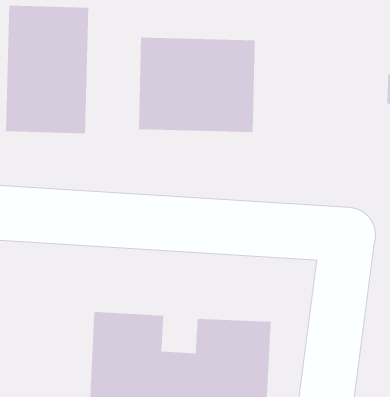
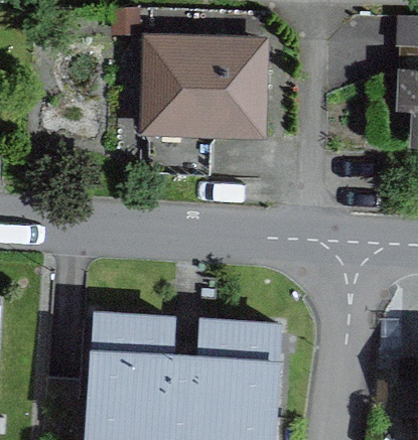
building: [5,5,89,134] -> none

